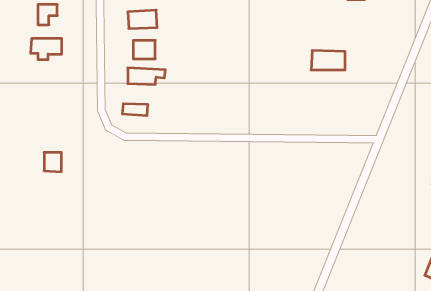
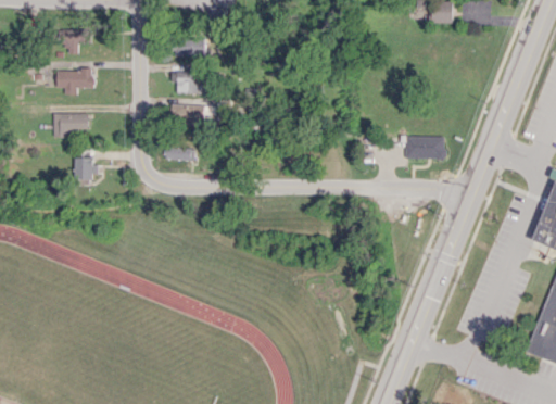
building: [311,51,345,70] -> [404,136,444,159]
building: none -> [53,112,89,138]
building: [44,152,61,172] -> [76,157,97,180]

